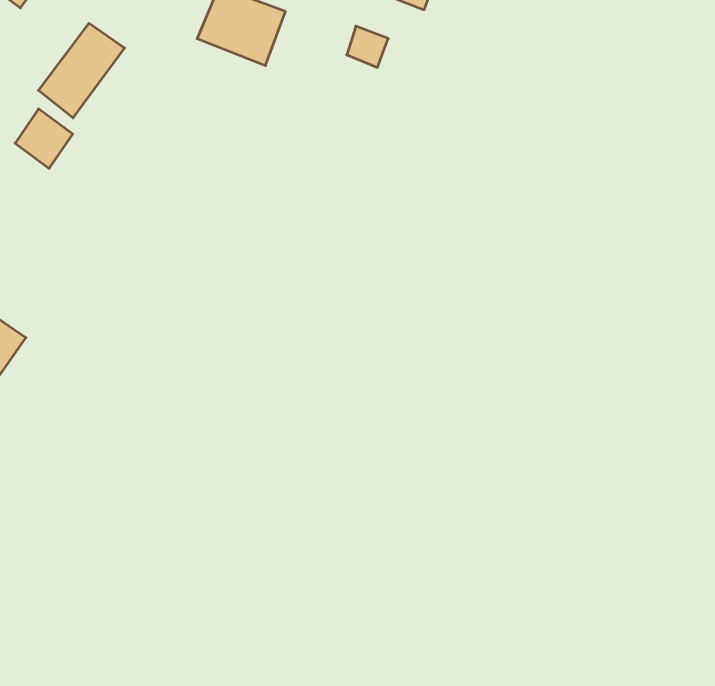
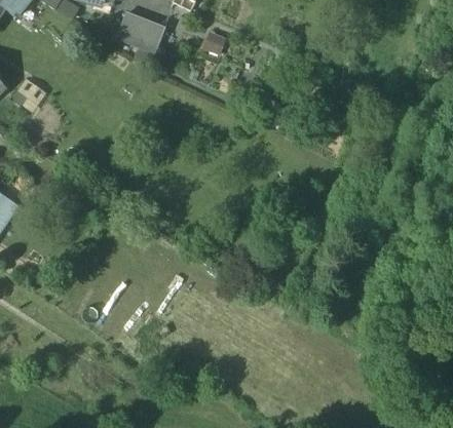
building: [38,23,125,118] -> none

